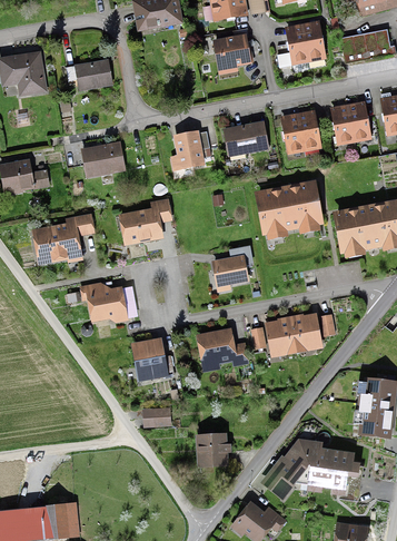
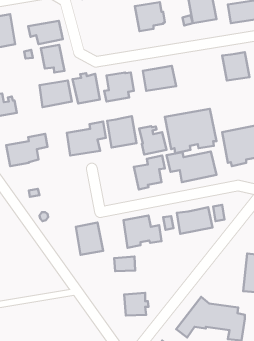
building: none -> [41,45,65,72]
building: [282,111,319,151] -> none
building: none -> [73,73,100,104]
building: none -> [107,116,136,148]
building: none -> [139,126,167,155]
building: none -> [167,152,216,182]
building: [82,283,126,322] -> none
building: [142,406,171,426] -> [114,257,135,271]

